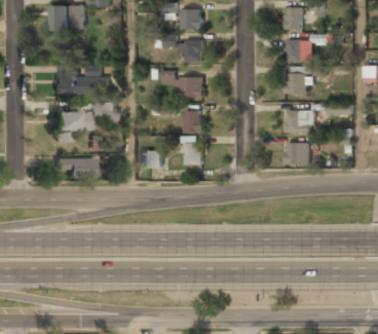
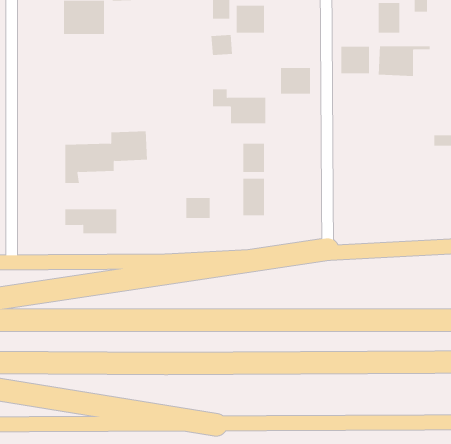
building: [180,41,202,61] -> [280,68,311,94]
building: [54,67,97,95] -> none
building: [286,73,307,94] -> [340,46,370,74]
building: [286,110,313,133] -> none
building: [286,142,309,164] -> none

